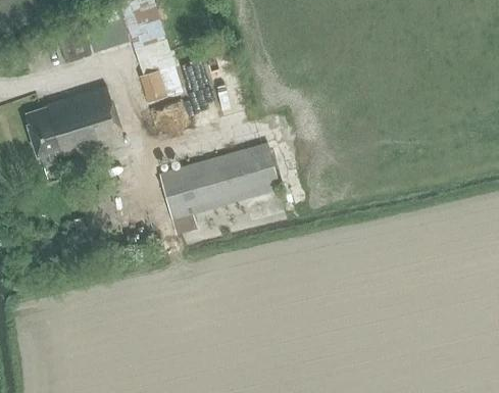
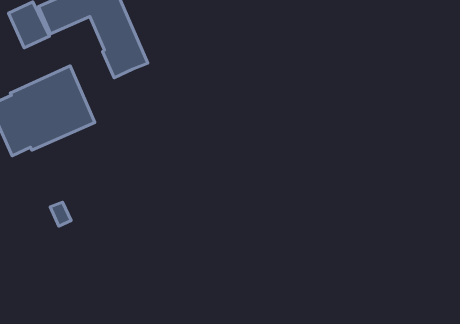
building: [159,142,280,234] -> none

